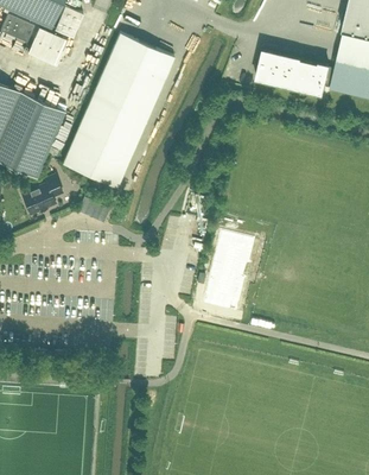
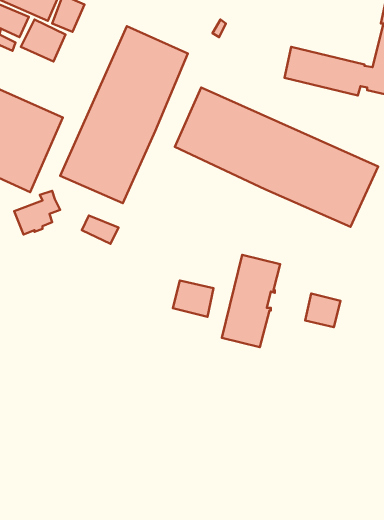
building: none -> [175,88,378,227]
building: none -> [173,281,213,317]
building: none -> [305,293,341,327]

